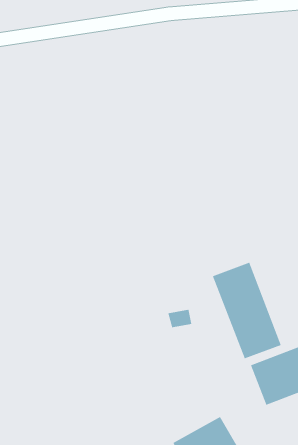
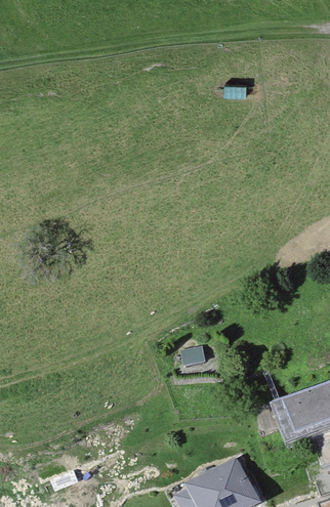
building: [212,262,281,359] -> none

